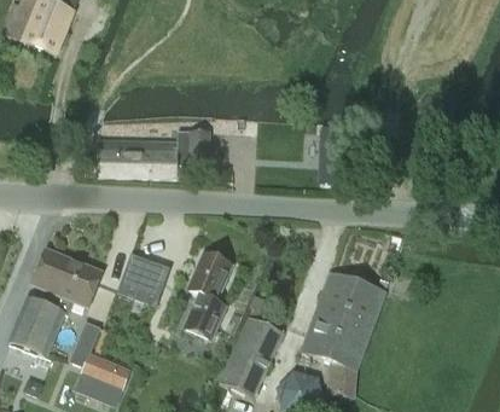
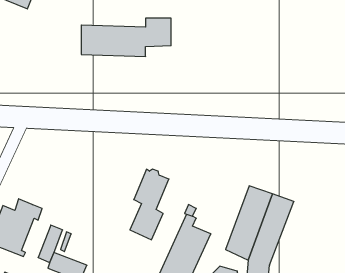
building: [98,128,209,175] -> [81,18,171,56]
building: [33,248,103,304] -> none
building: [120,260,157,302] -> none

